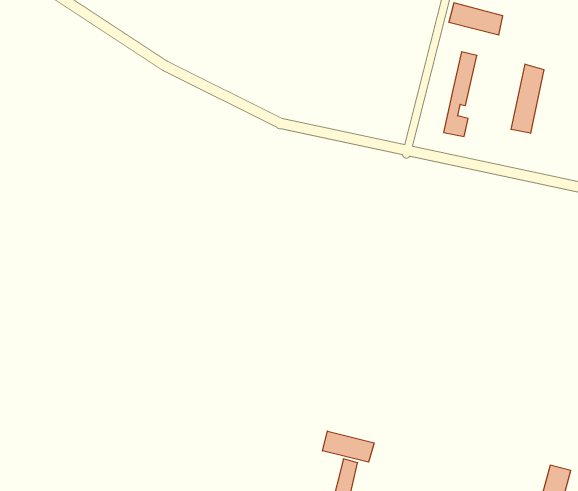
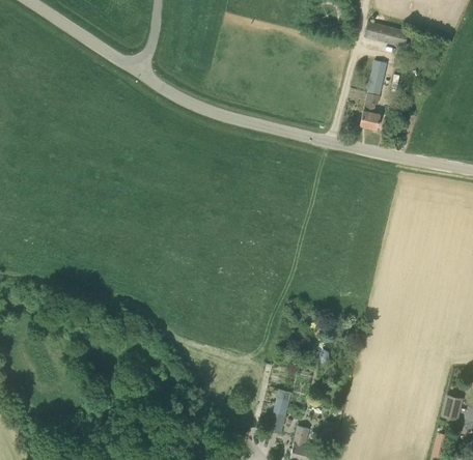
building: [511,64,544,133] -> none
building: [323,431,374,462] -> none

